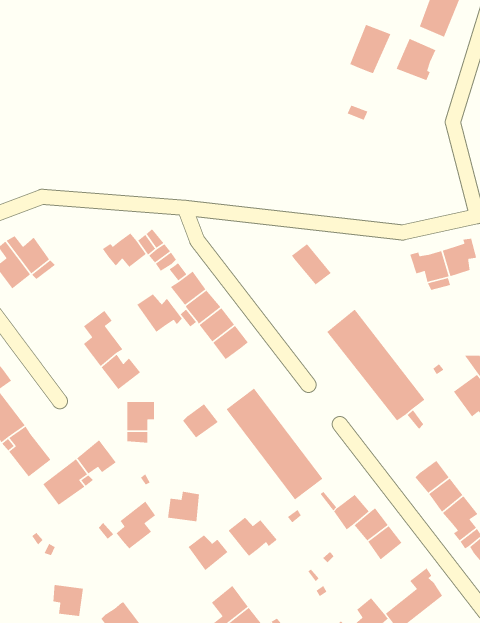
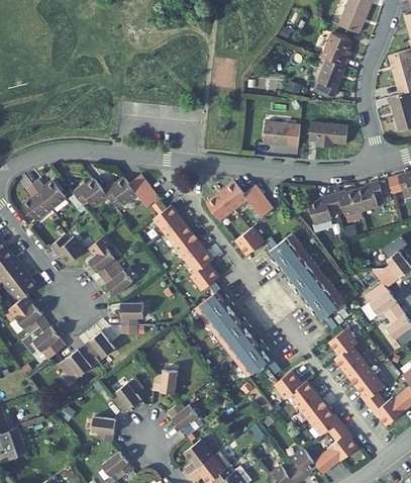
building: [349,24,391,74] -> [314,59,345,96]
building: none -> [264,122,300,147]
building: none -> [309,122,347,148]
building: none -> [74,179,107,206]
building: none -> [207,182,246,219]
building: none -> [309,194,336,223]
building: [136,294,183,333] -> none
building: none -> [236,228,264,255]
building: none -> [50,236,84,264]
building: [182,403,219,438] -> [191,264,218,290]
building: none -> [329,329,356,356]
building: [228,517,278,557] -> none
building: none -> [310,408,344,437]
building: [53,584,84,617] -> [92,417,115,442]

